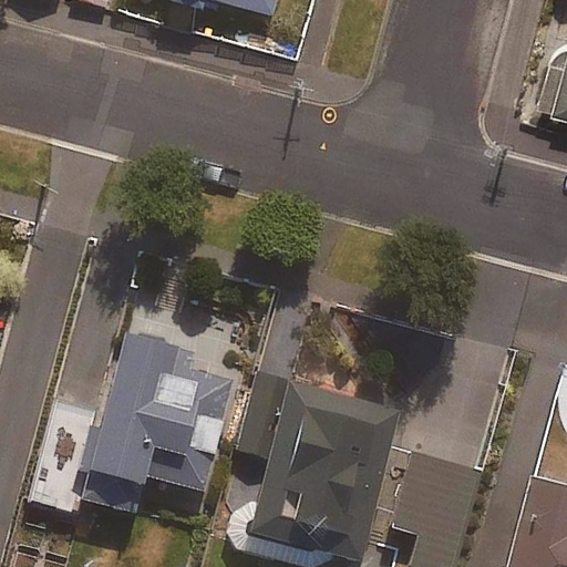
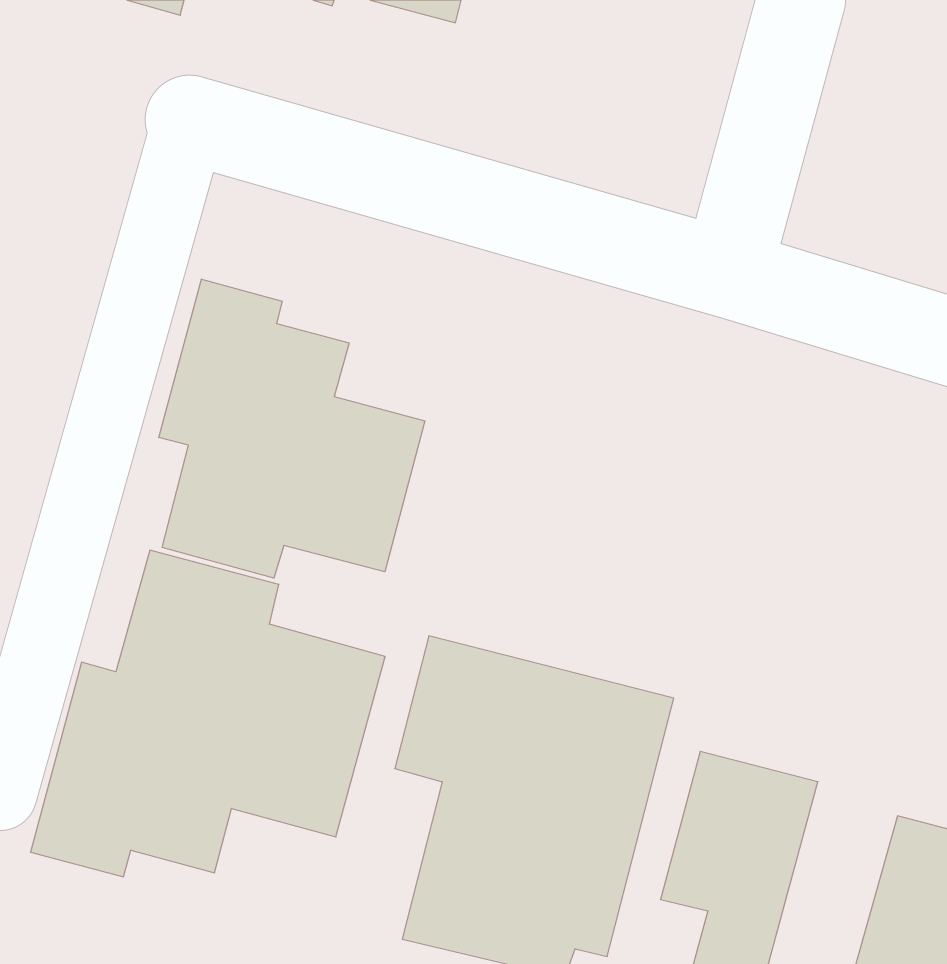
building: none -> [159,279,425,578]

